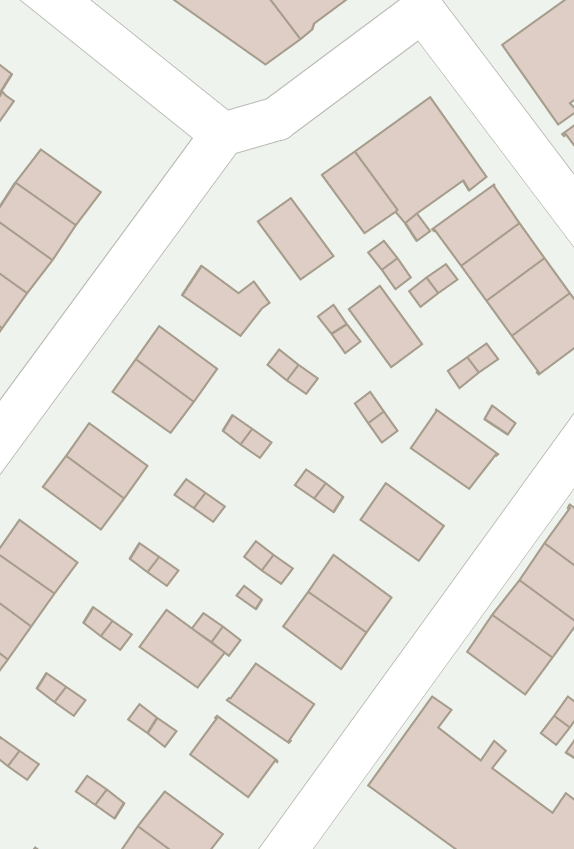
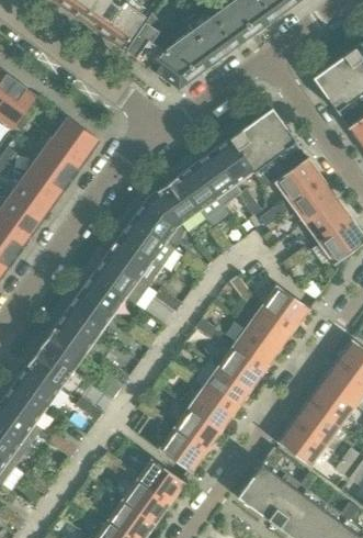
building: none -> [52,116,100,161]
building: none -> [143,178,198,224]
building: [349,286,422,367] -> [193,152,235,198]
building: none -> [118,220,165,261]
building: none -> [79,274,125,316]
building: none -> [247,306,294,350]
building: none -> [39,328,86,371]
building: none -> [217,347,265,391]
building: [139,610,225,687] -> [173,407,222,451]
building: none -> [276,422,326,468]
building: none -> [122,480,169,525]

